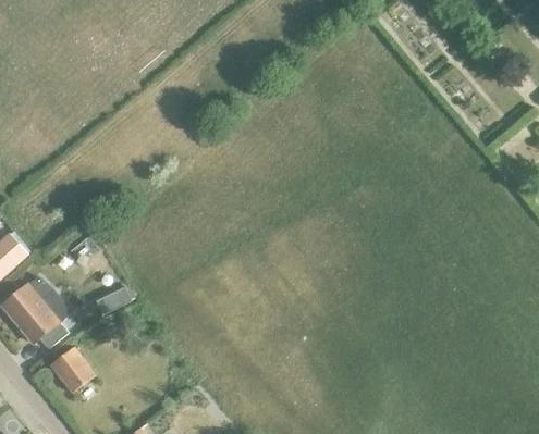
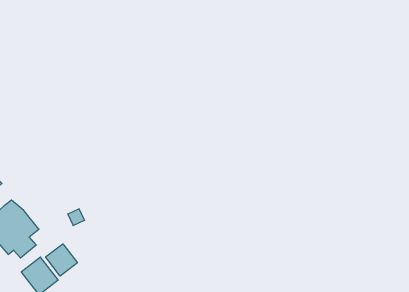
building: none -> [46,244,77,276]

